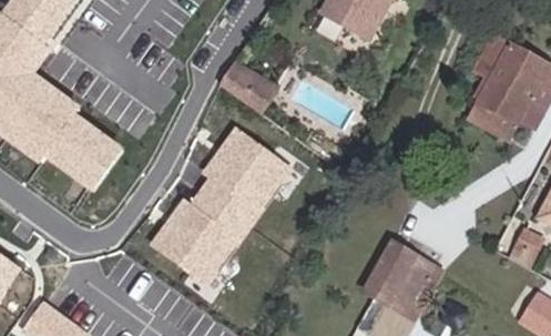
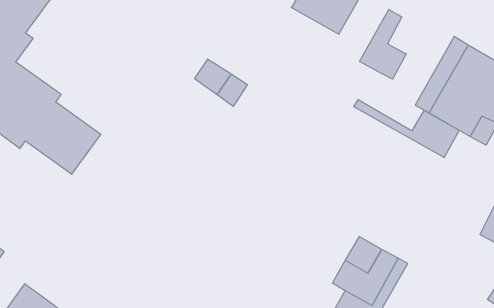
building: none -> [360,9,406,79]
building: none -> [354,99,459,158]
building: [151,128,290,283] -> none

